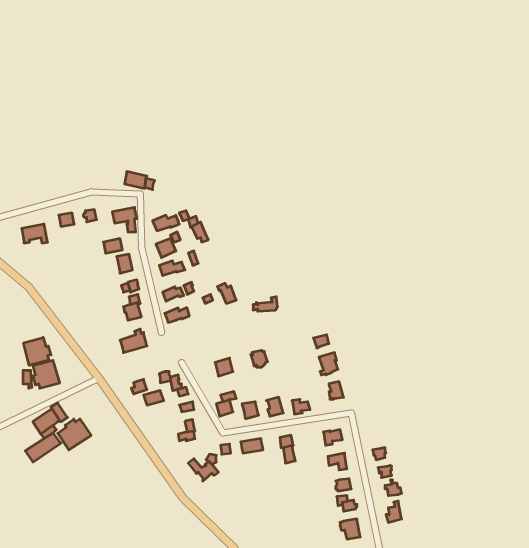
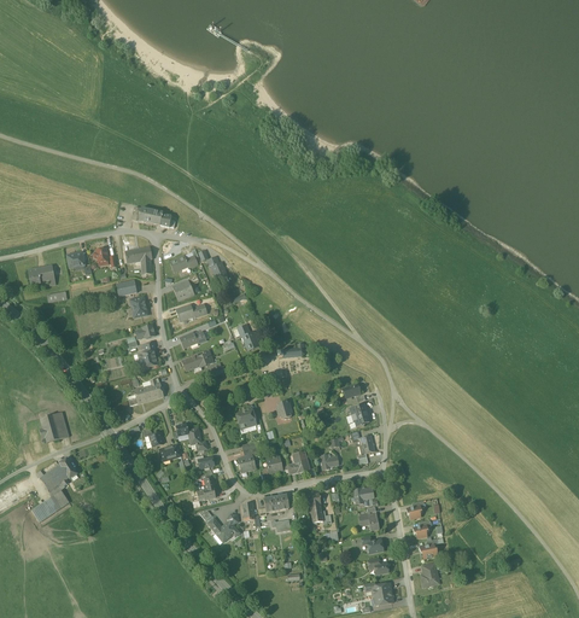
building: [24,337,51,365] -> none
building: [58,419,91,450] -> none

